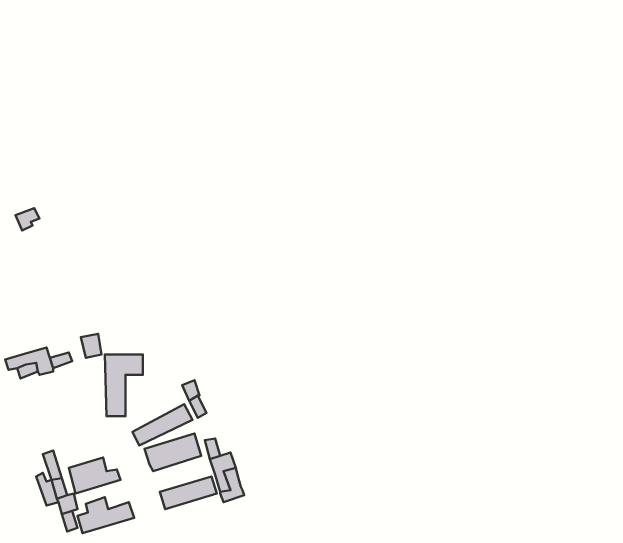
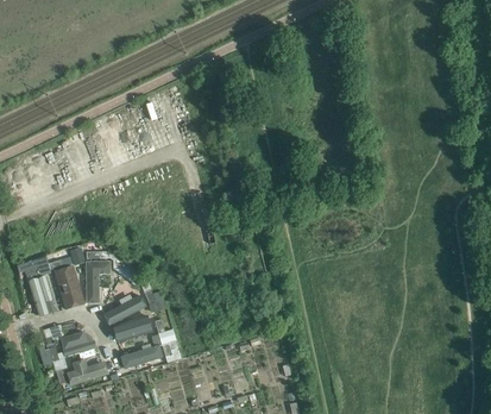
building: none -> [53,264,83,307]
building: none -> [27,274,51,314]

